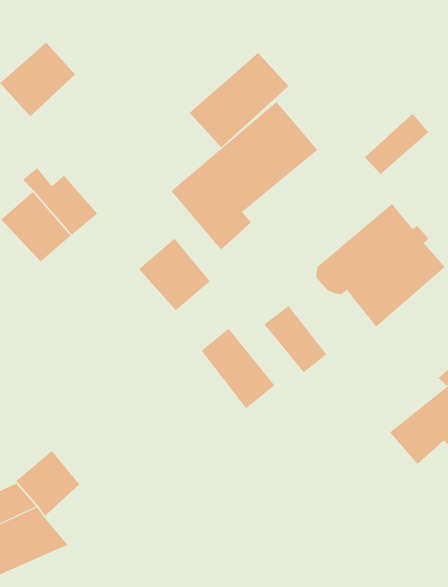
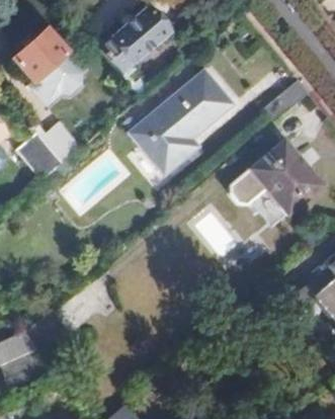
building: [189,52,289,148] -> [98,7,167,73]
building: [138,238,211,311] -> none
building: [201,328,275,409] -> none

